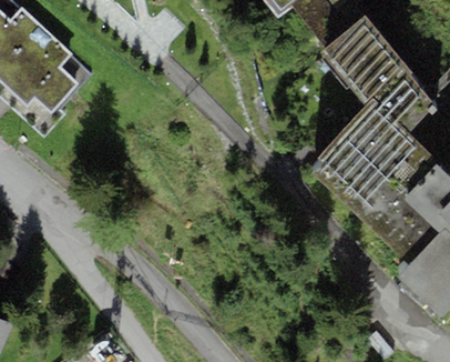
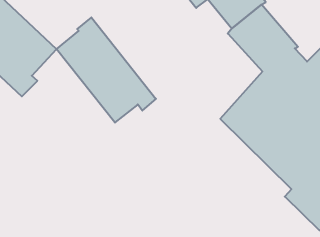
building: none -> [56,17,156,123]

